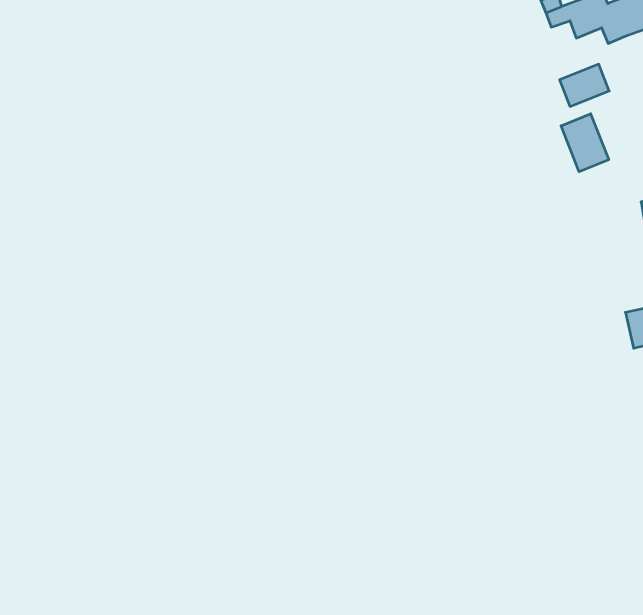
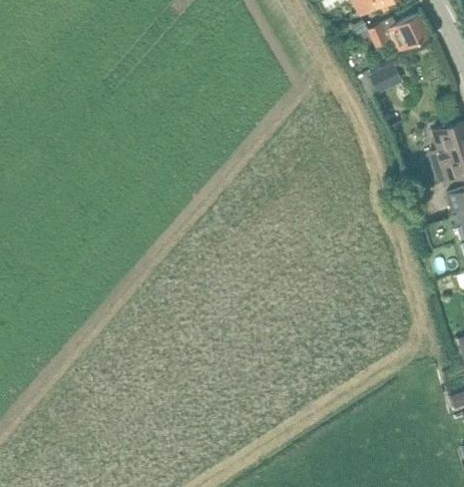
building: [561,114,609,172] -> none

